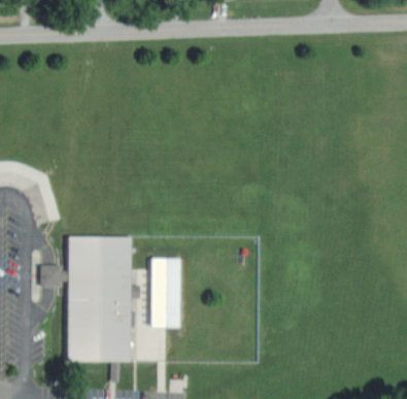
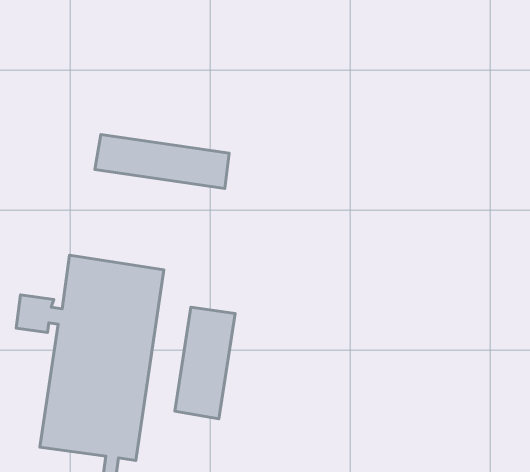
building: none -> [95,134,229,189]

